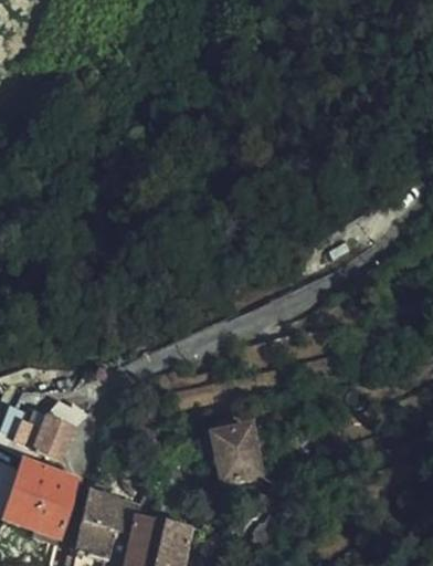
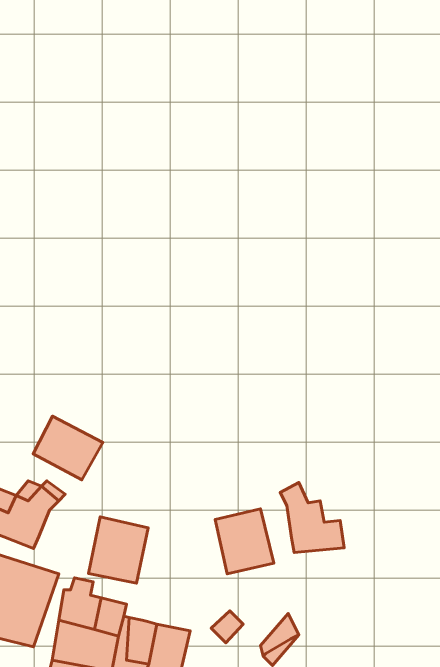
building: none -> [33,416,103,480]
building: none -> [280,482,344,552]
building: none -> [88,517,148,583]

